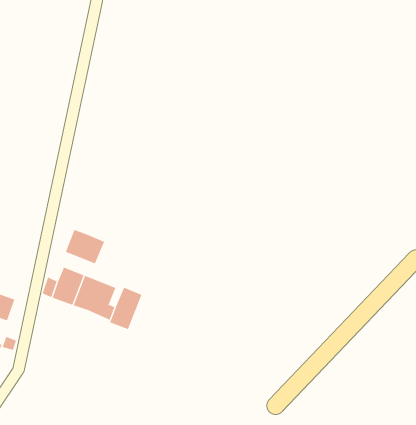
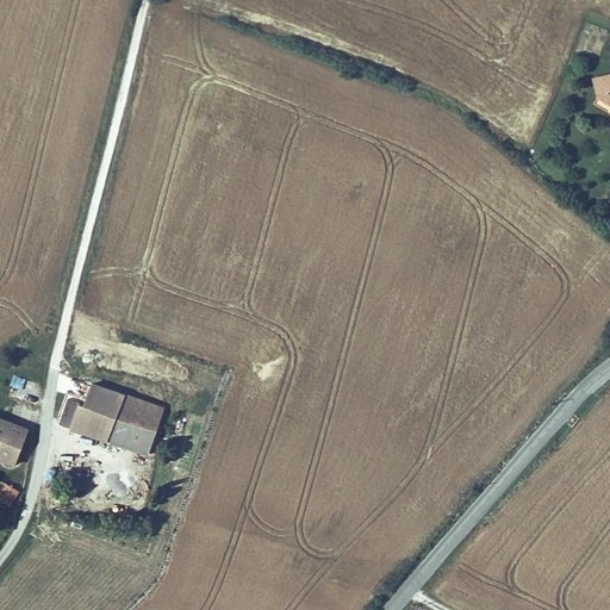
building: [65,229,105,264] -> none
building: [109,287,142,330] -> none

